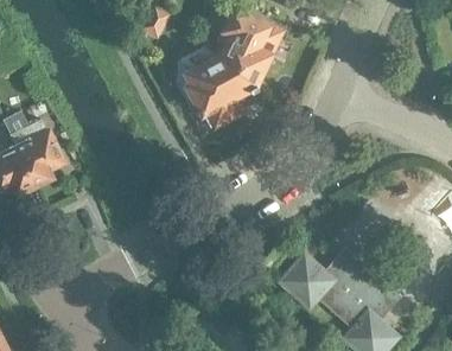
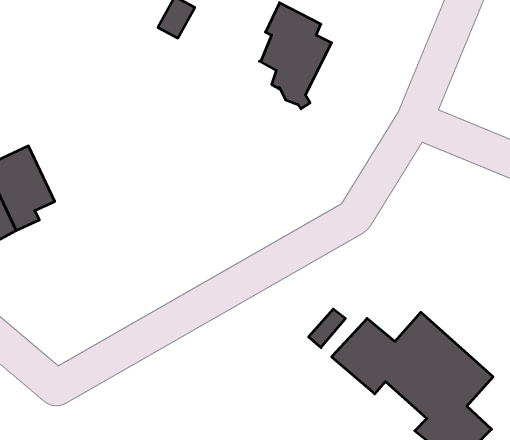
building: [189,53,254,125] -> none

